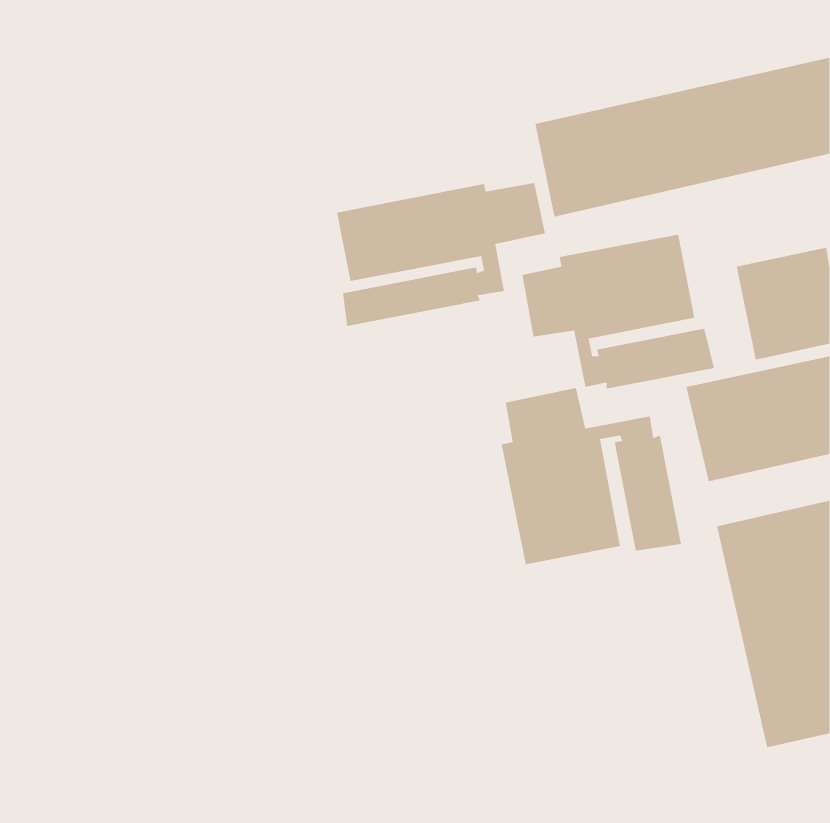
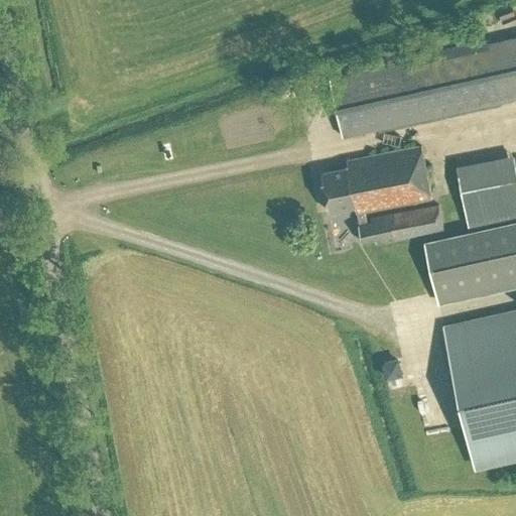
building: [336,182,546,327] -> none
building: [501,387,682,565] -> none

